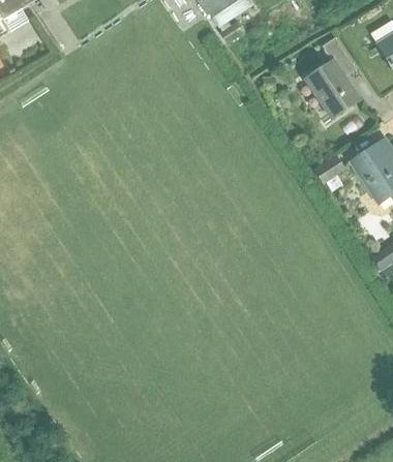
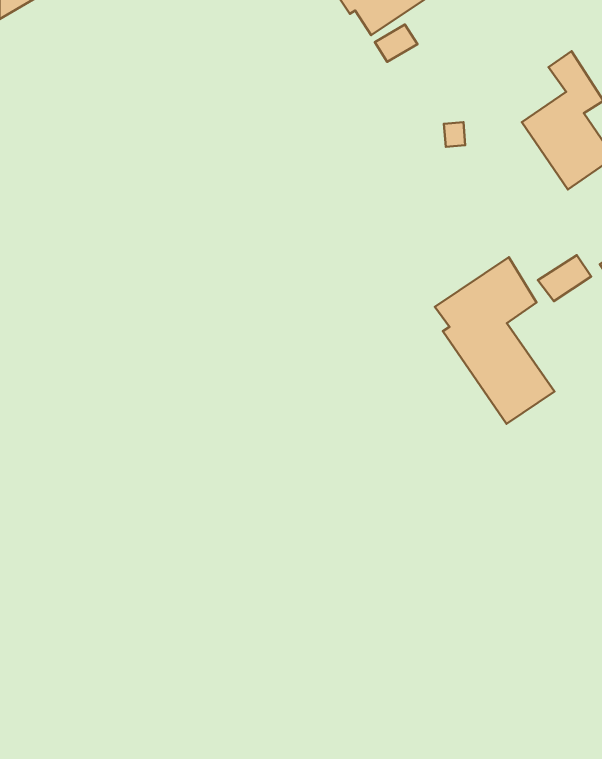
building: none -> [435,257,555,424]

